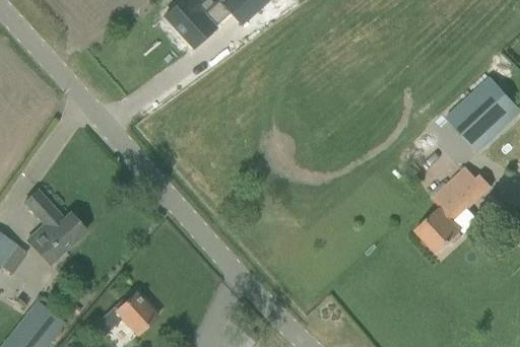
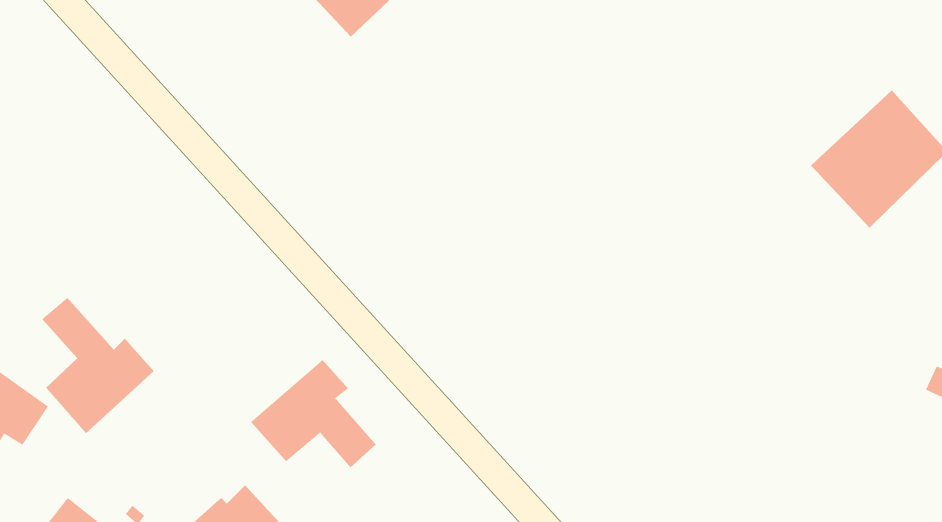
building: [415,167,492,253] -> none
building: none -> [250,359,376,468]

